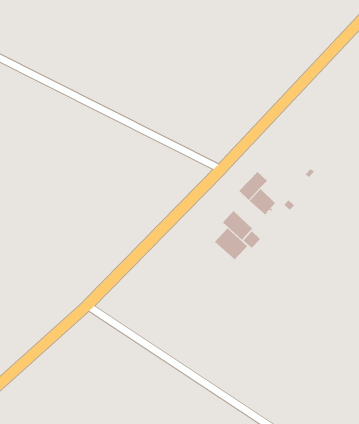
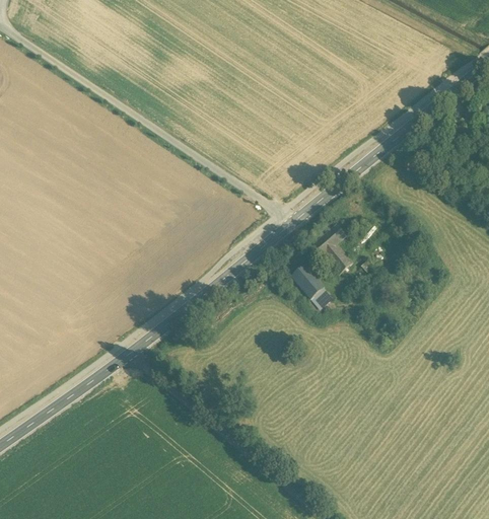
building: [214,227,247,260] -> none

